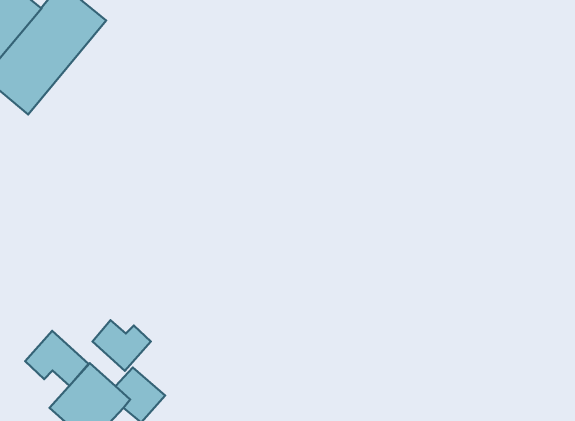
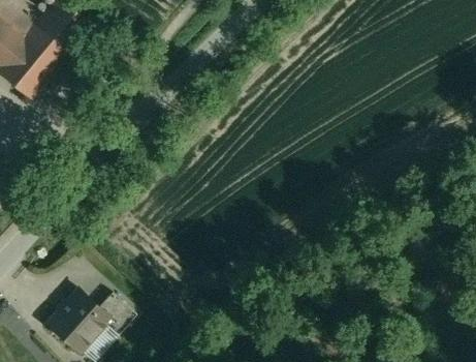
building: [92,320,151,371] -> none
building: [25,331,88,386] -> none

